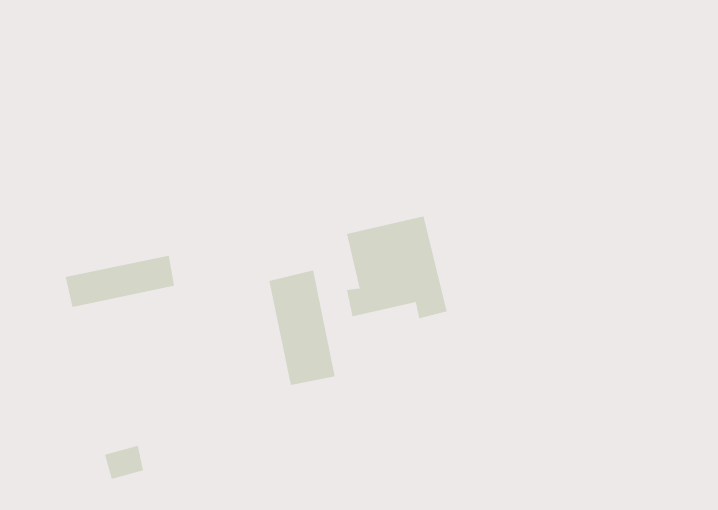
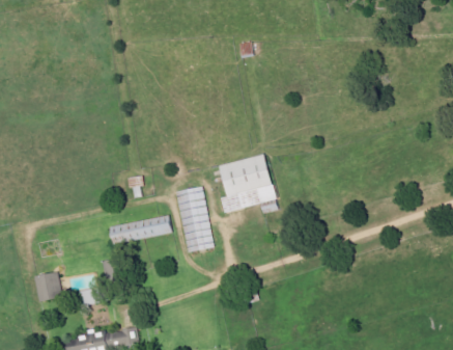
building: [65,255,175,307] -> [109,214,172,244]
building: none -> [34,271,61,300]

